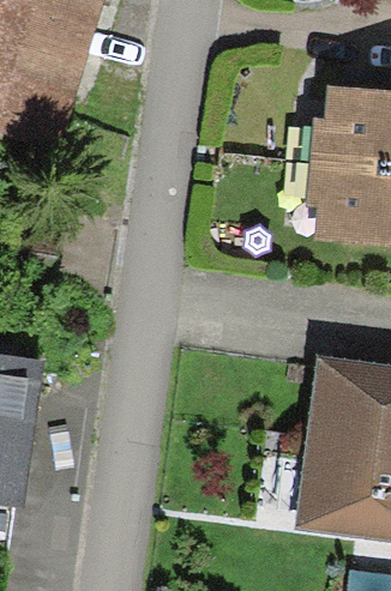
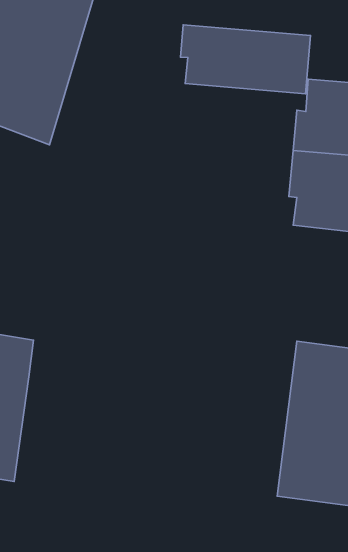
building: none -> [181,25,311,94]

